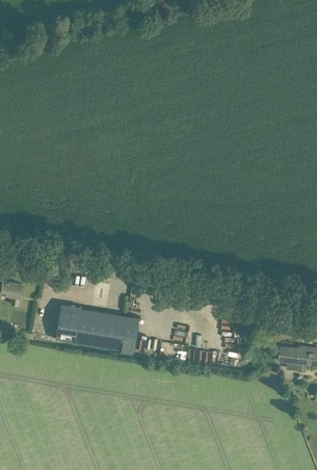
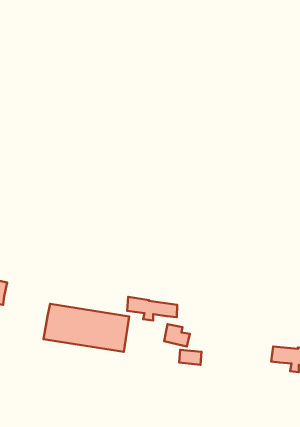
building: none -> [127,297,177,320]

